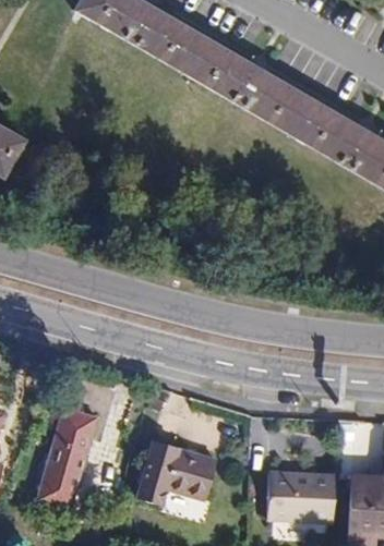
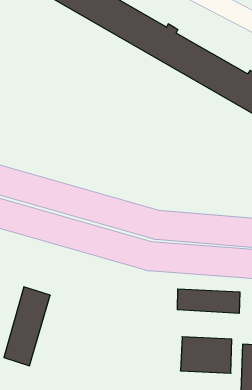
building: none -> [177,289,240,313]
building: [139,438,219,506] -> none

